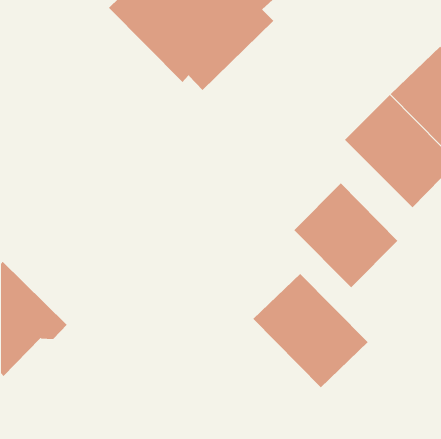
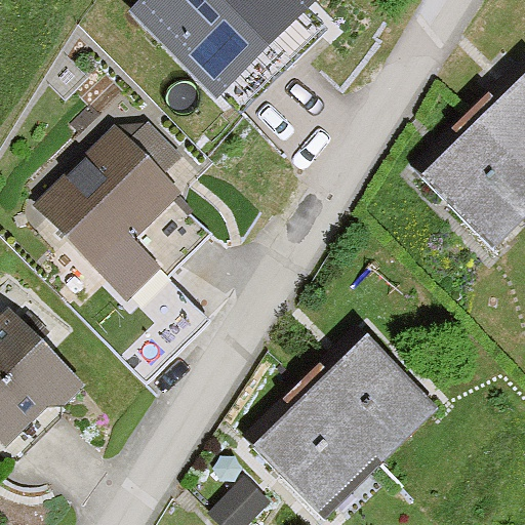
building: none -> [36,123,210,298]
building: [294,183,398,288] -> none
building: none -> [244,378,381,516]

